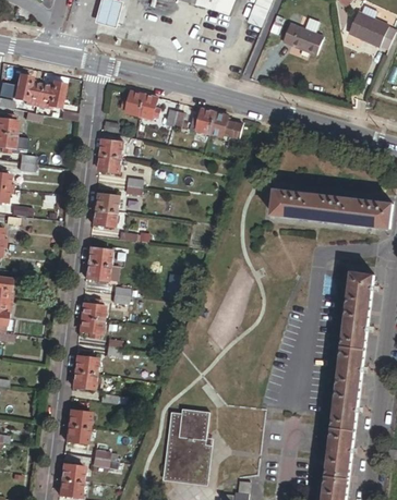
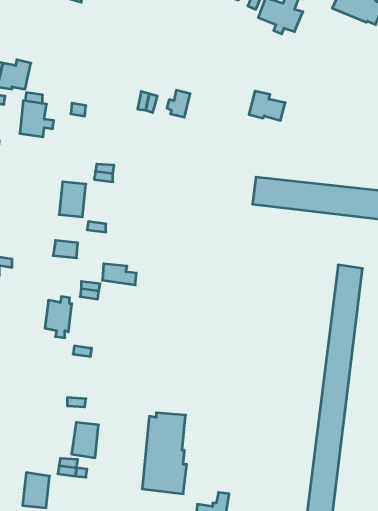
building: [122,89,160,119] -> none
building: [209,111,243,138] -> [249,91,285,120]
building: [99,138,131,172] -> [20,101,54,137]
building: [86,261,118,281] -> [102,264,136,285]
building: [72,355,98,388] -> none
building: [65,410,91,442] -> [72,422,99,458]

